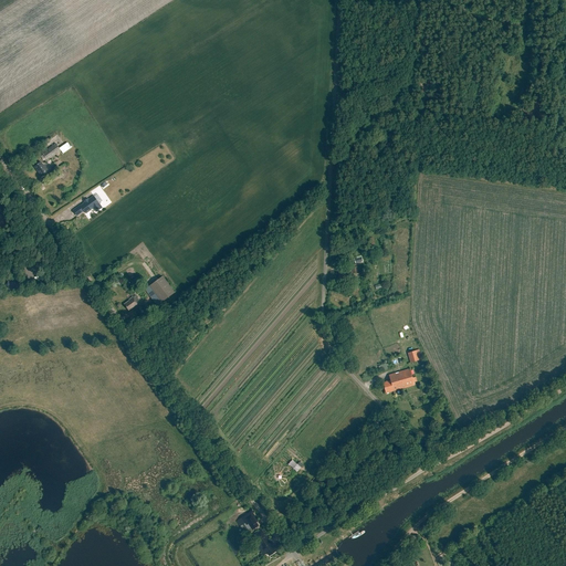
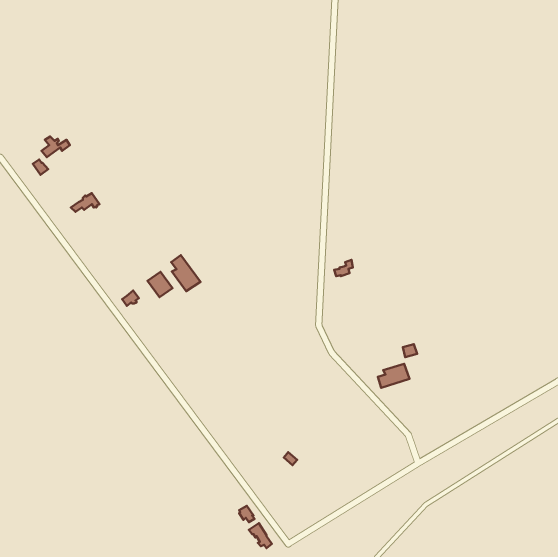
building: none -> [171,255,200,291]

